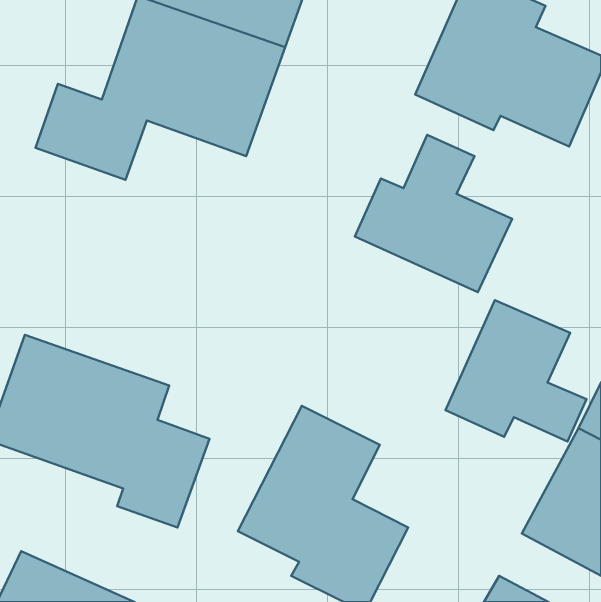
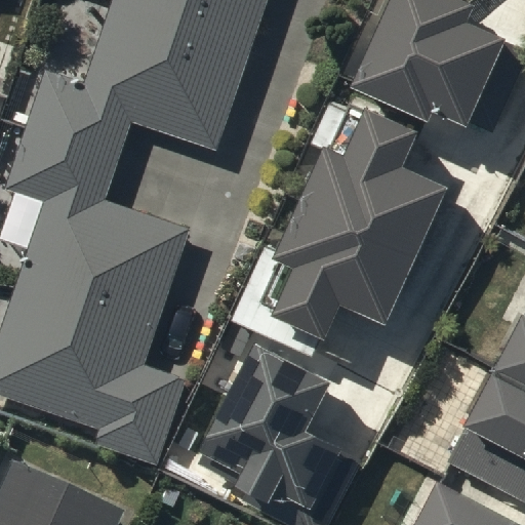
building: none -> [11,128,183,334]
building: none -> [239,205,414,350]
building: [446,300,587,442] -> none

